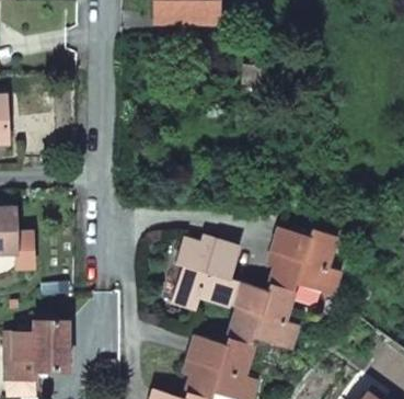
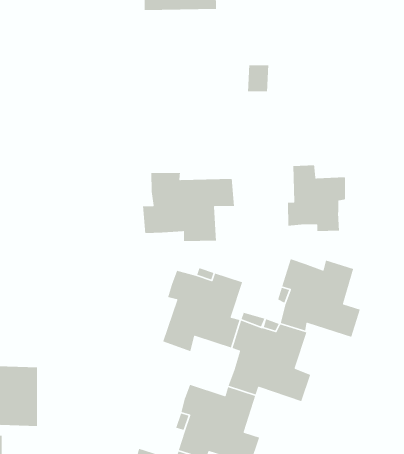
building: none -> [287,164,346,232]
building: none -> [142,172,235,242]

